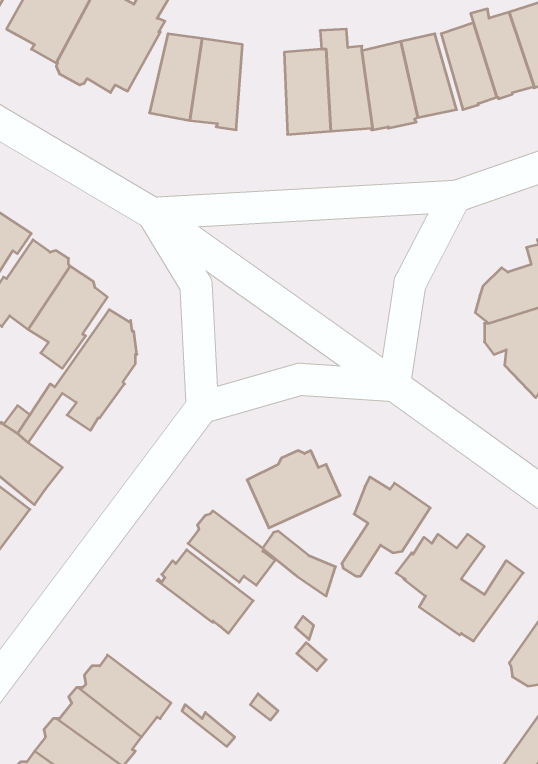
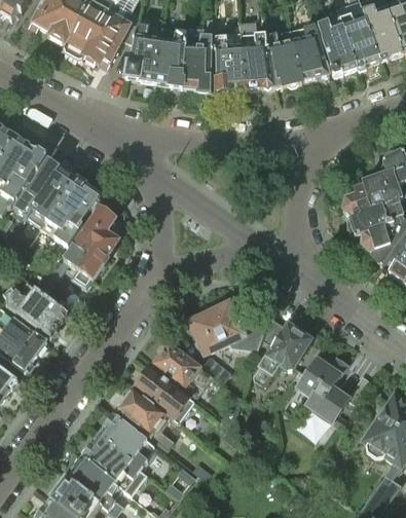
building: none -> [183,12,212,89]
building: none -> [117,386,174,449]
building: none -> [98,413,147,468]

